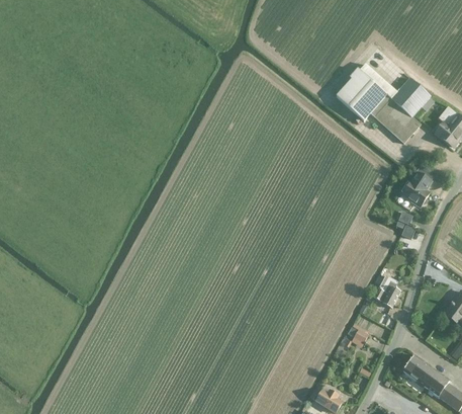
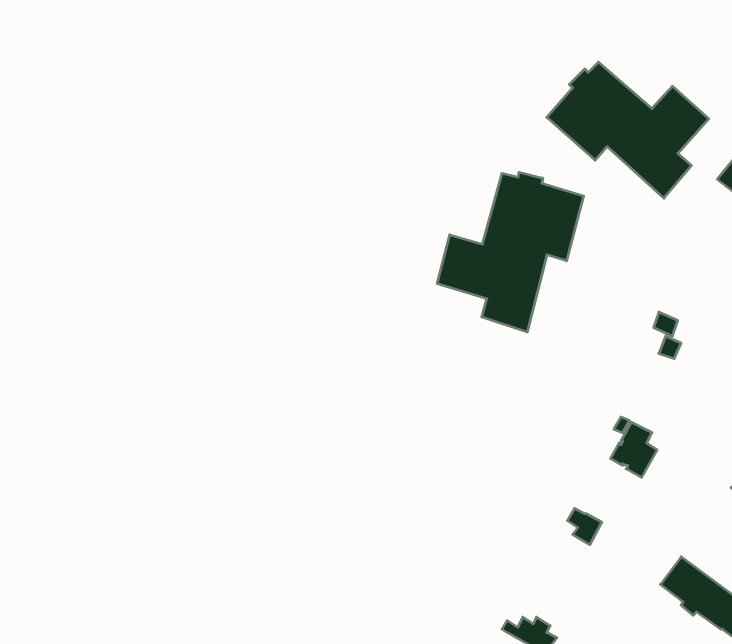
building: none -> [437,172,584,332]
building: [402,172,431,206] -> none

